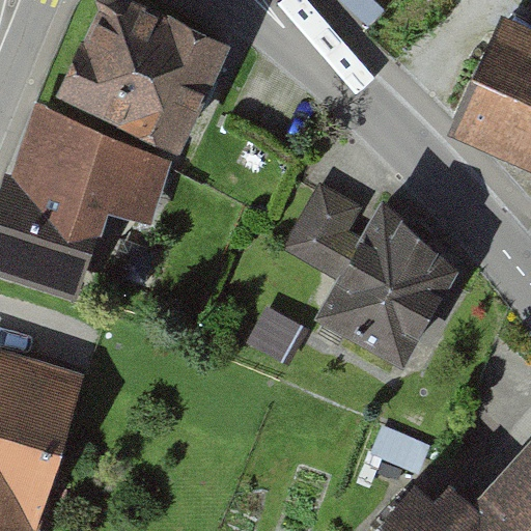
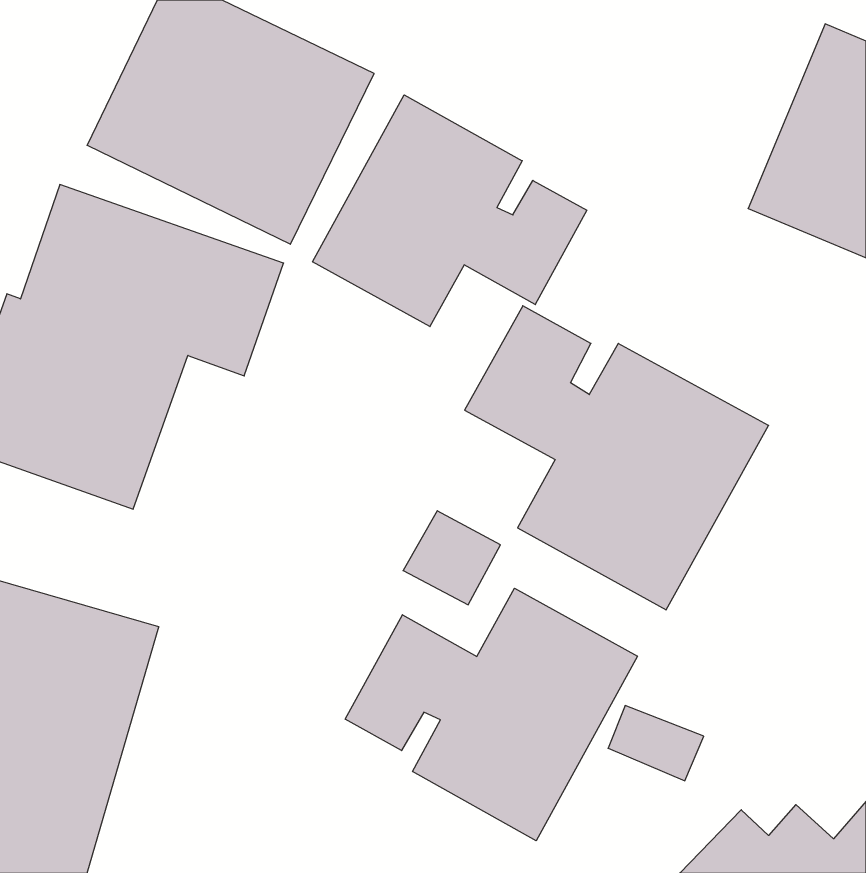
building: none -> [313,95,587,327]
building: none -> [345,588,637,841]

